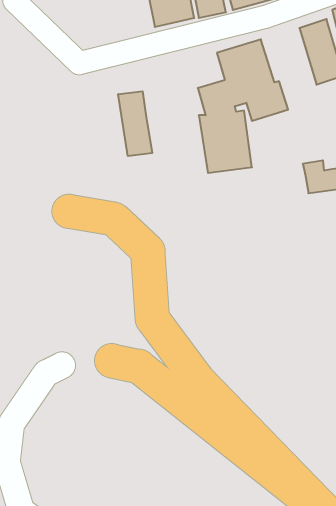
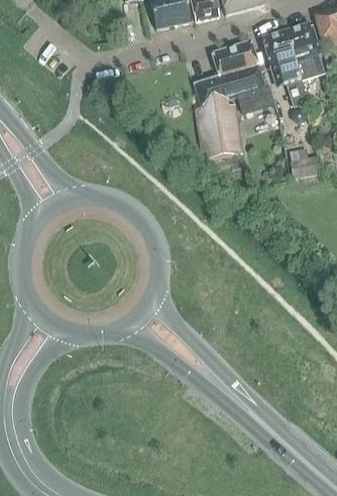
building: none -> [261,30,307,108]
building: [118,91,152,156] -> none

